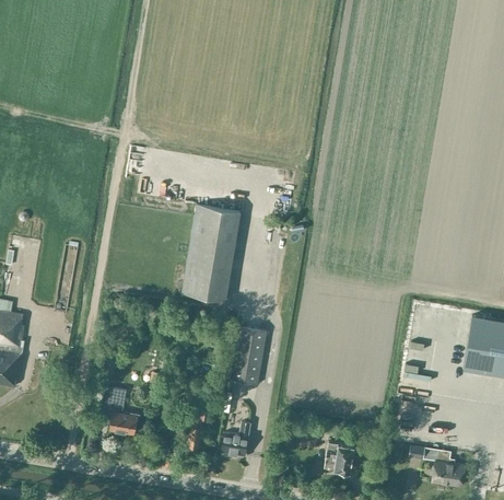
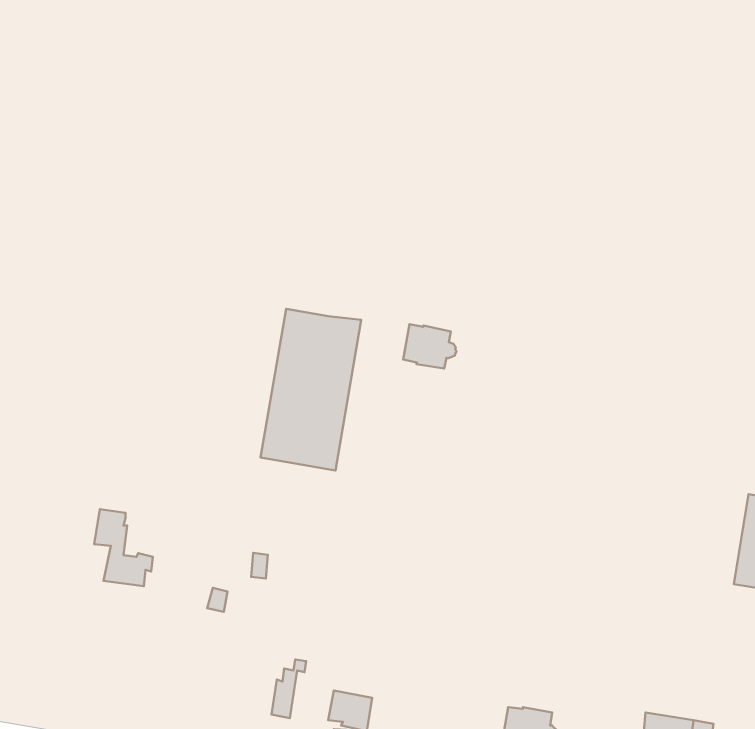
building: none -> [403,324,456,368]
building: [231,326,267,385] -> none
building: [104,387,139,433] -> [94,509,153,586]

